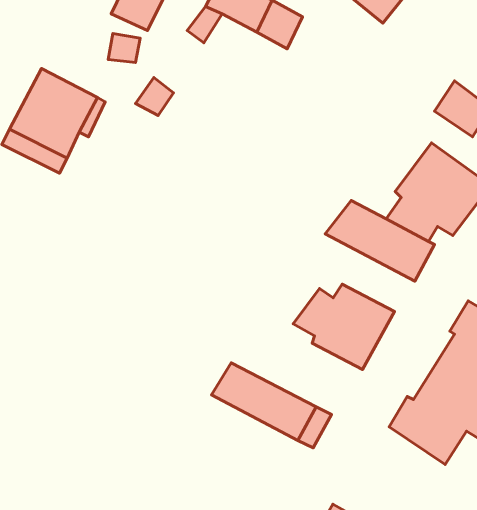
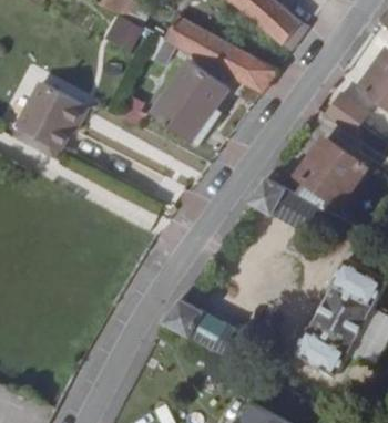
building: none -> [219,44,276,87]
building: none -> [145,55,222,133]
building: [293,284,395,370] -> none

